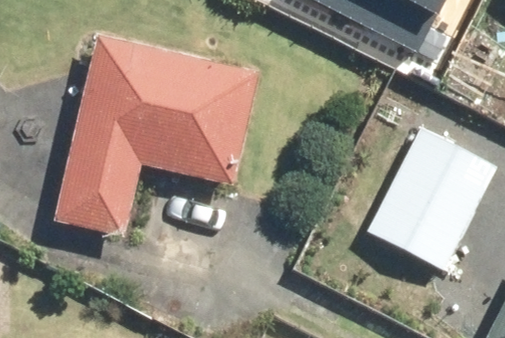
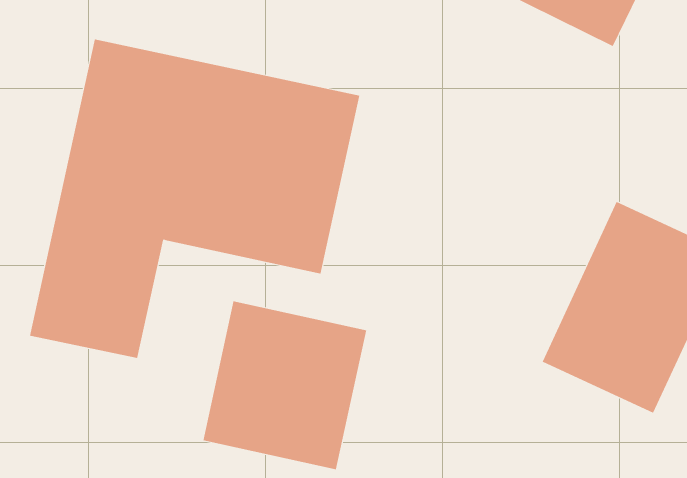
building: none -> [203,301,367,470]

